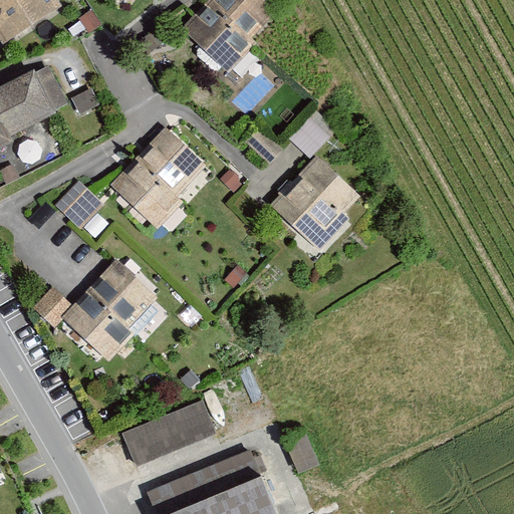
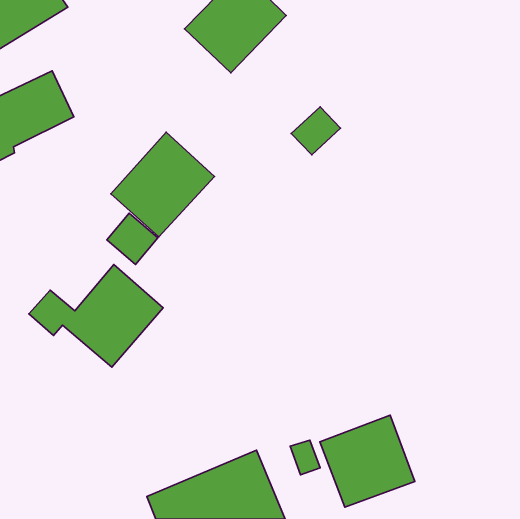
building: [268,157,359,247] -> none
building: [51,179,101,229] -> [107,213,158,265]
building: [119,399,216,469] -> none
building: none -> [320,415,415,507]

